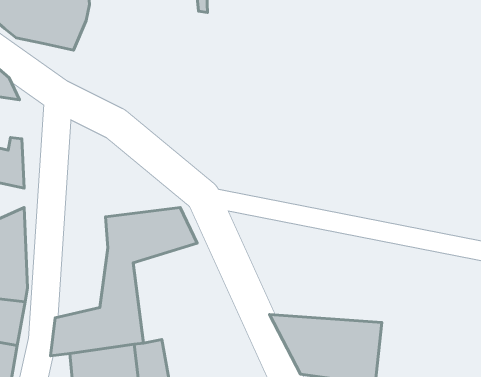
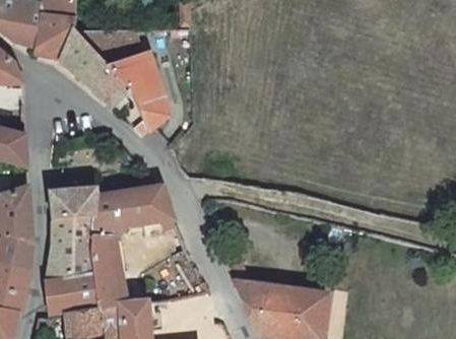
building: none -> [65,22,174,129]
building: none -> [50,196,96,285]

